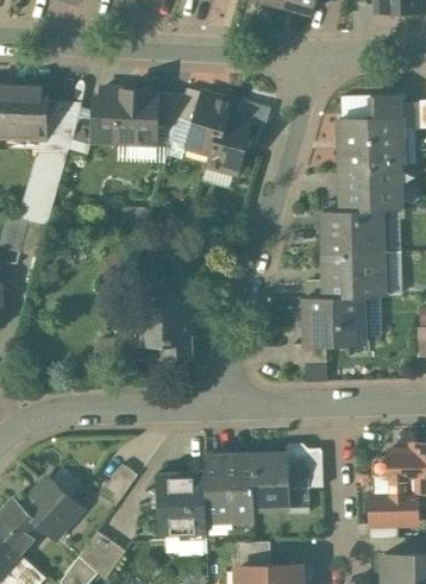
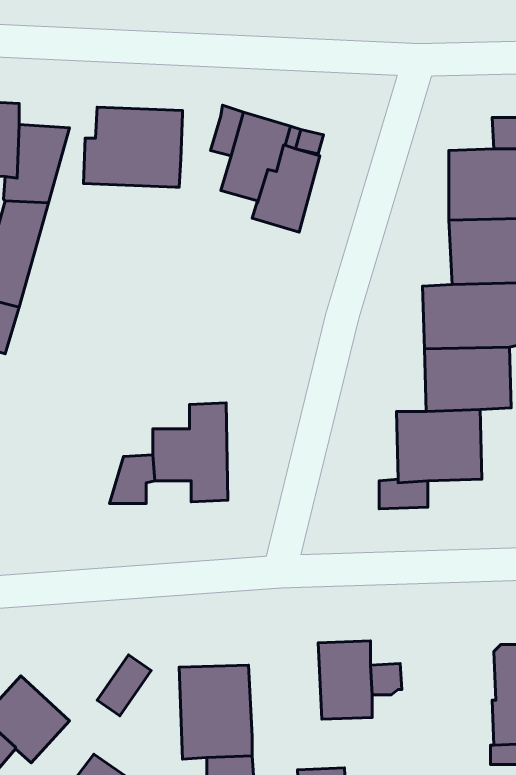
building: [157,94,184,126] -> none
building: [203,456,253,520] -> none
building: [287,456,322,488] -> none

